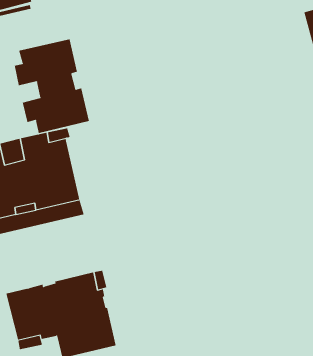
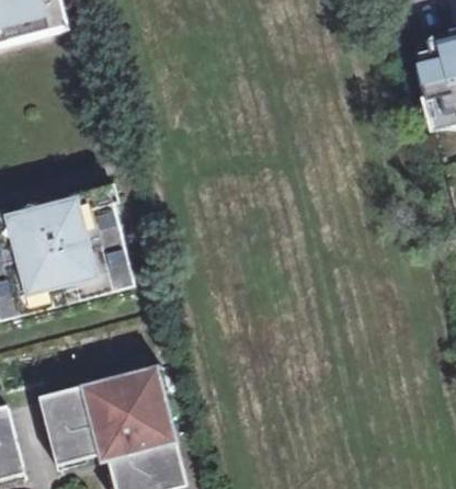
building: [14,38,89,134] -> none

